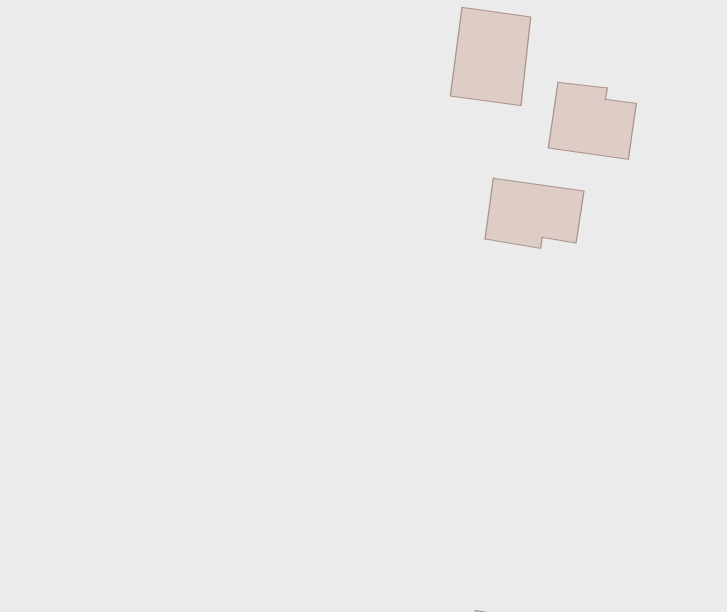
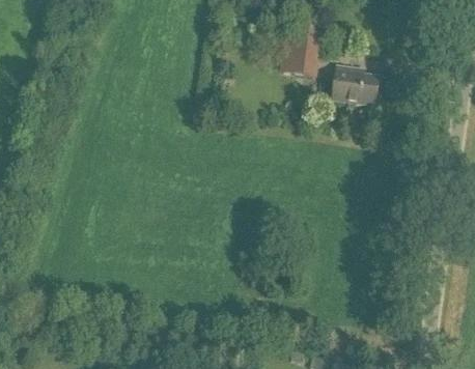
building: [485,178,584,248] -> none

